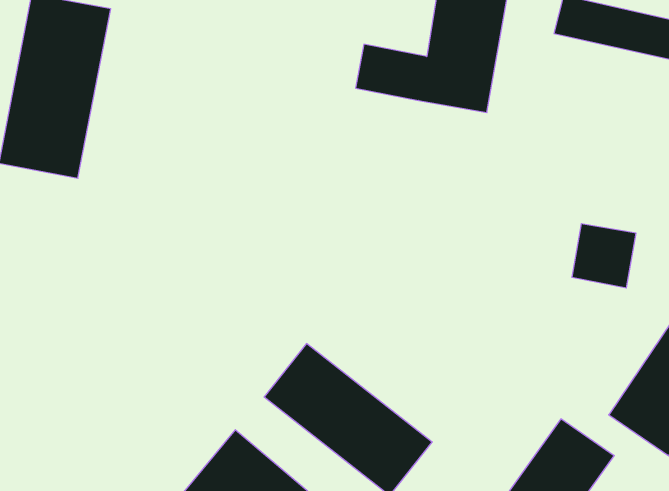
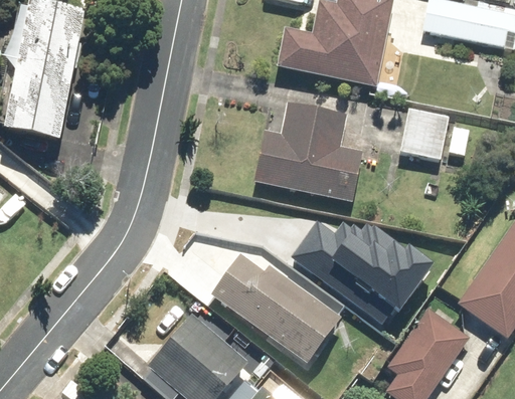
building: none -> [251,103,361,202]
building: [572,224,636,288] -> [400,109,448,156]
building: none -> [297,211,417,312]

